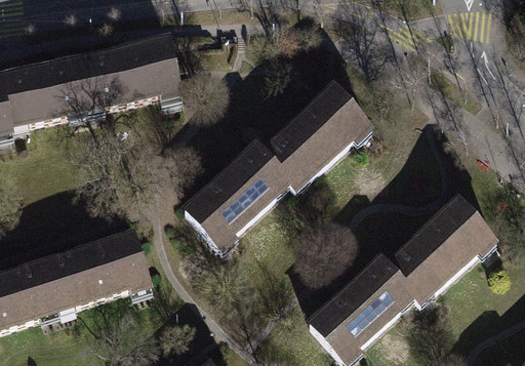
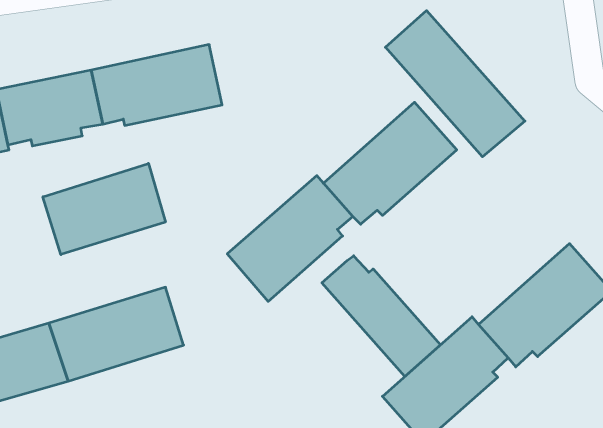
building: none -> [385,11,525,157]
building: none -> [43,163,165,255]
building: none -> [322,256,441,376]

